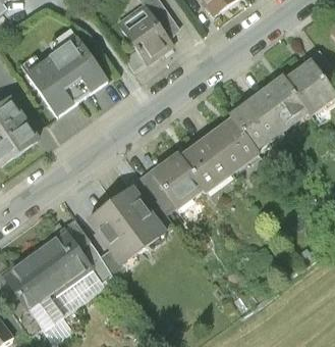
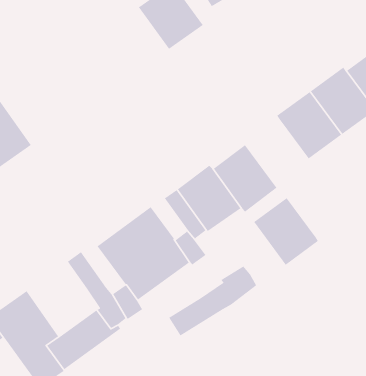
building: [26,36,108,115] -> none
building: [206,117,258,171] -> [253,197,319,266]
building: [34,230,91,289] -> none
building: none -> [168,266,257,337]

